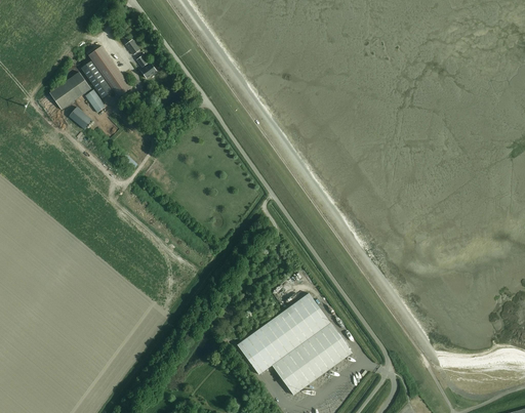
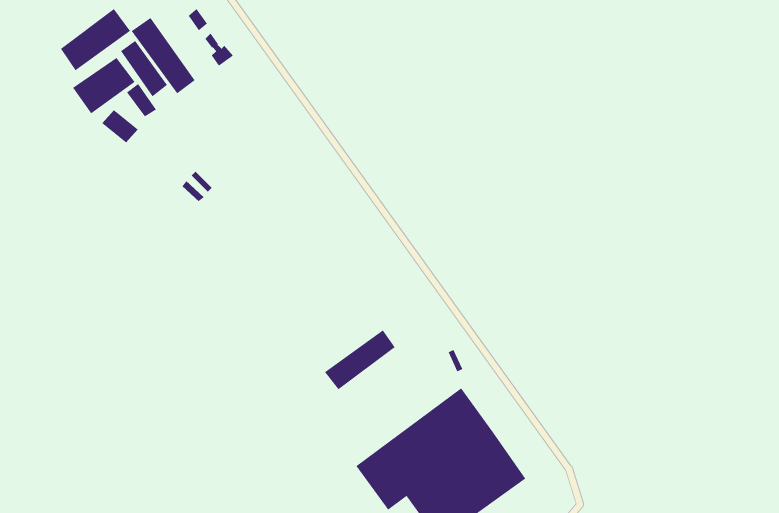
building: none -> [60,8,131,71]
building: none -> [324,330,395,390]

